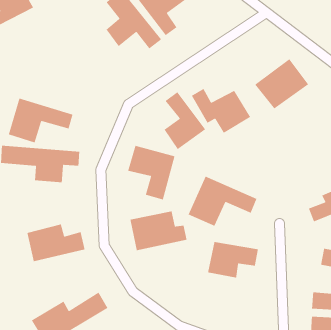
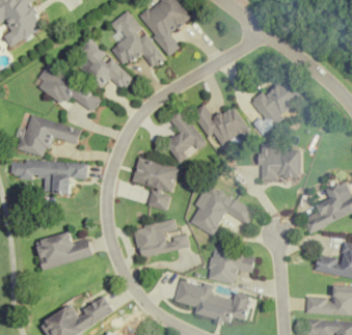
building: none -> [76,38,132,89]
building: none -> [34,63,100,110]
building: none -> [260,143,300,178]
building: none -> [173,281,251,323]

